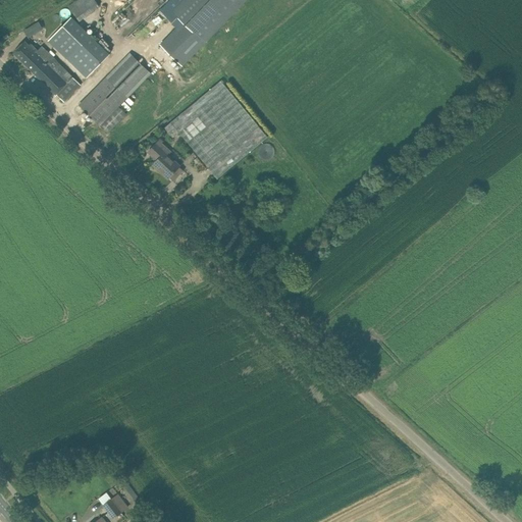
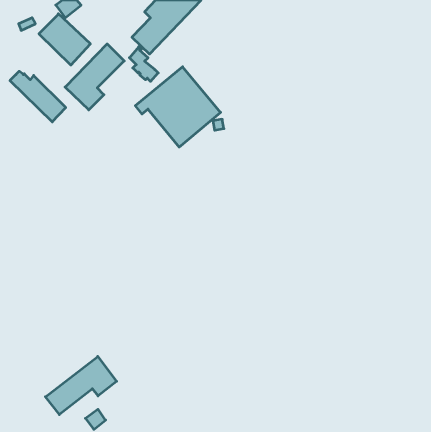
building: [12,41,80,102] -> [10,71,66,122]
building: [148,139,182,180] -> [129,47,158,81]
building: none -> [45,356,117,415]

